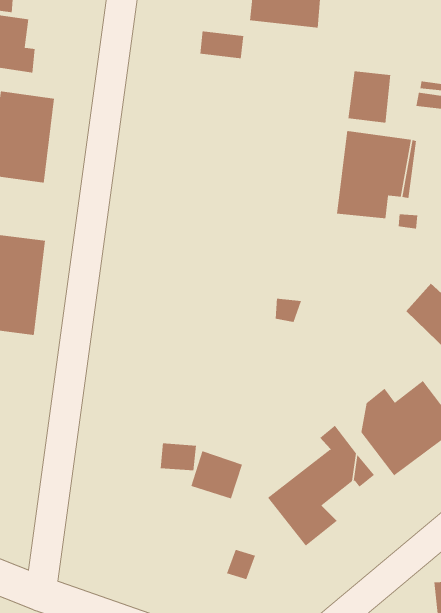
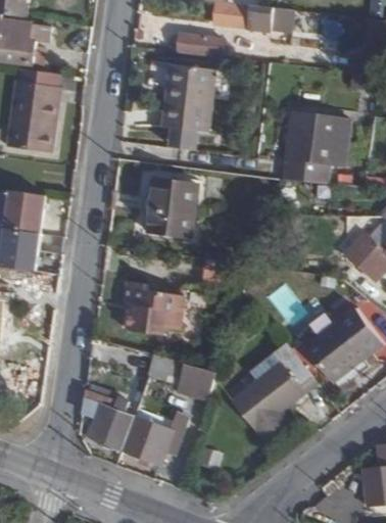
building: [348,71,391,124] -> none
building: none -> [161,62,216,146]
building: none -> [143,176,198,233]
building: none -> [123,276,184,329]
building: none -> [82,388,191,464]

